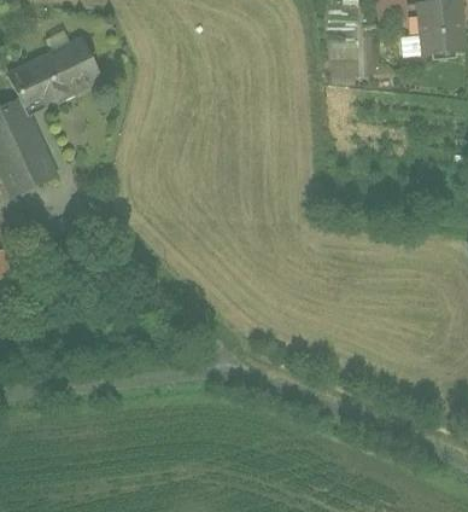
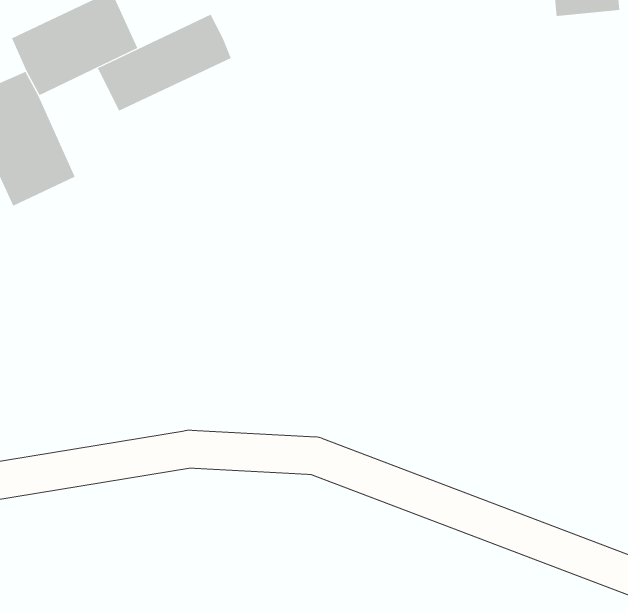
building: none -> [97,14,231,112]

